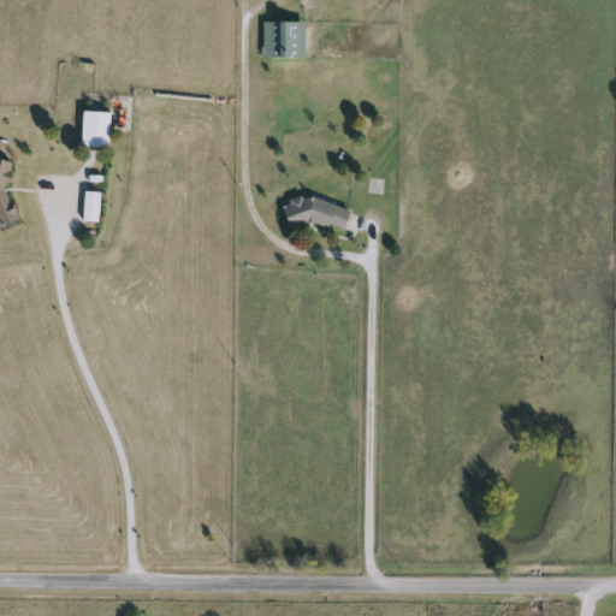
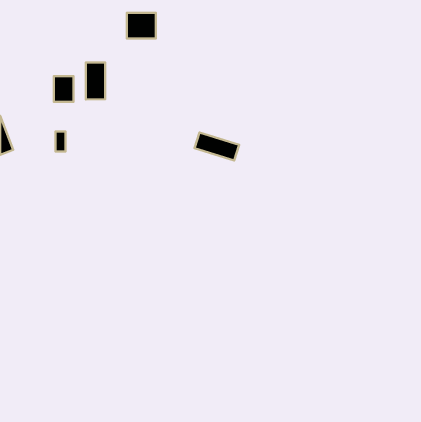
building: [262,20,304,58] -> [127,13,156,38]
building: none -> [86,62,105,99]

